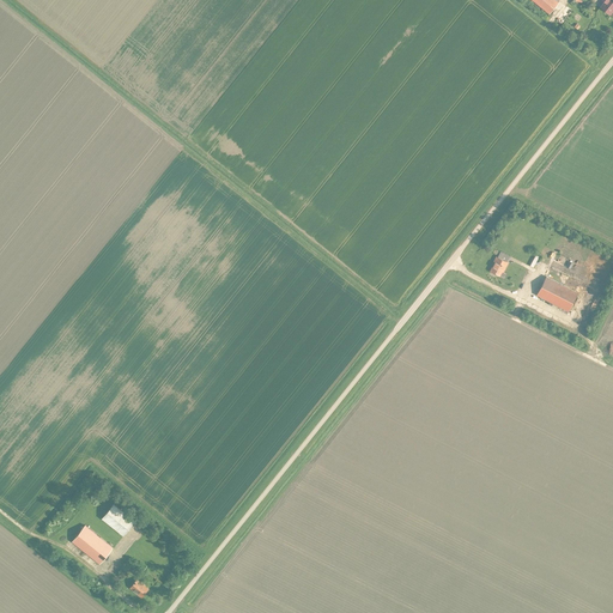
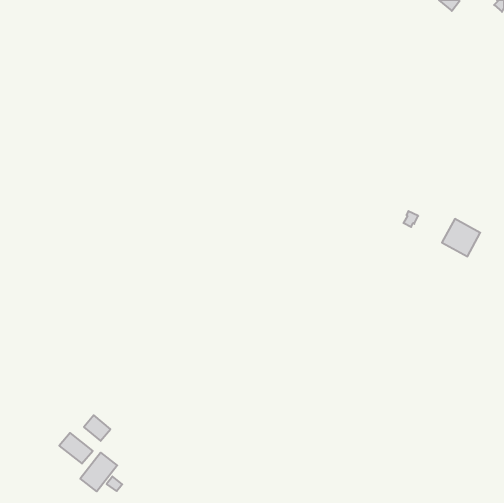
building: none -> [80,453,117,491]

